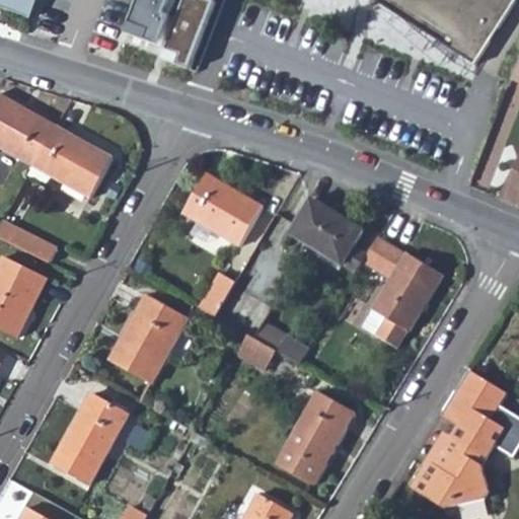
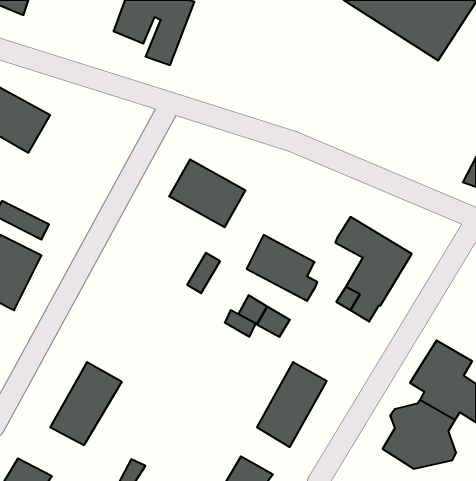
building: [30,125,112,198] -> none
building: [286,206,362,277] -> [247,235,317,301]
building: [109,293,189,383] -> none

